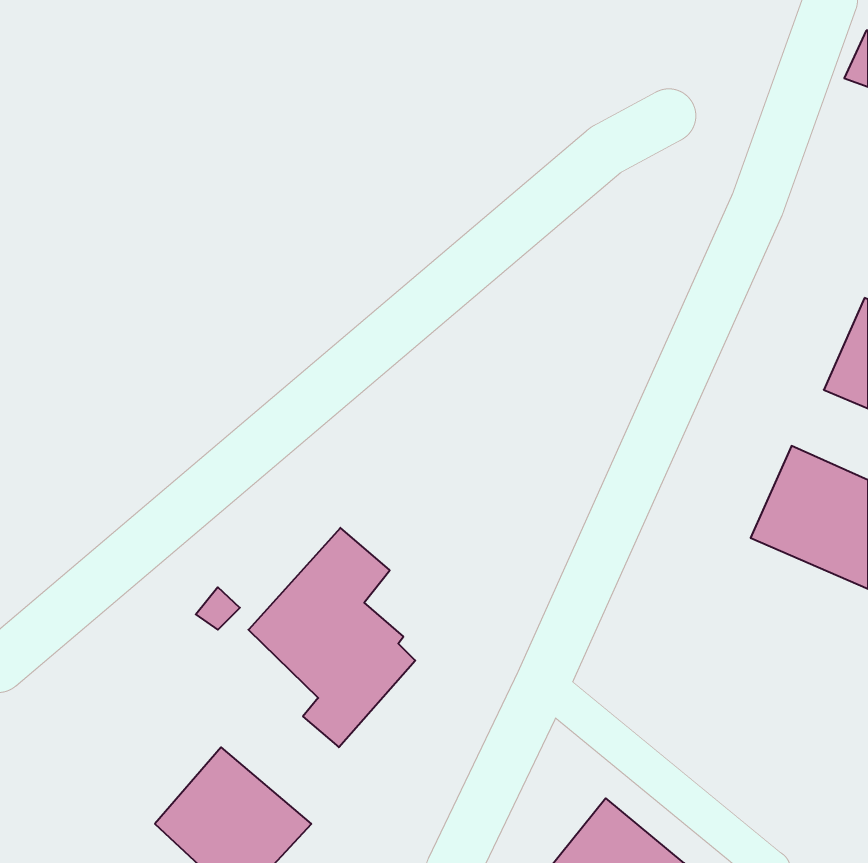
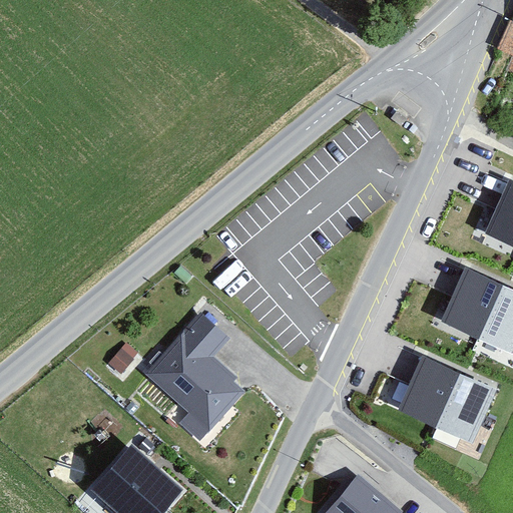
building: none -> [398,356,496,442]

